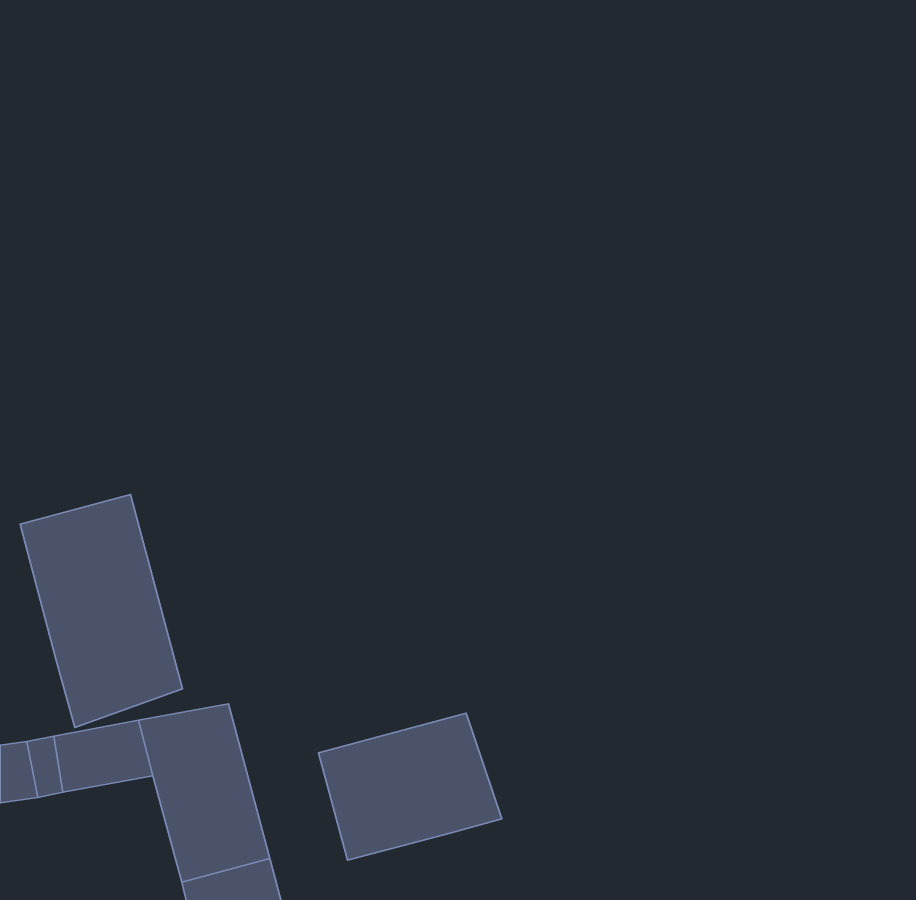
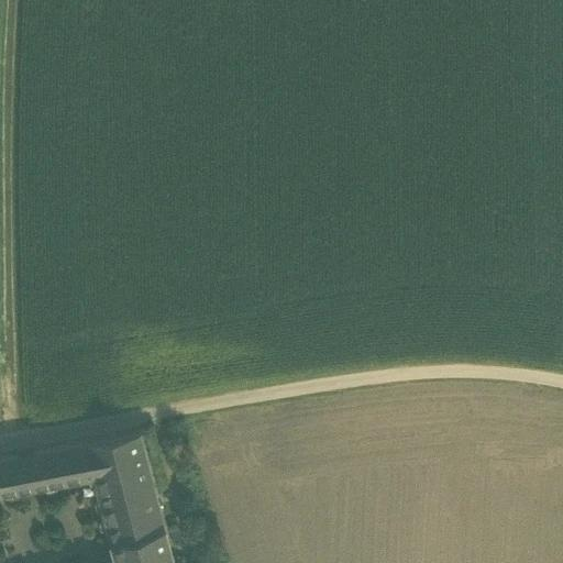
building: [20,495,182,727] -> none
building: [318,713,502,860] -> none

